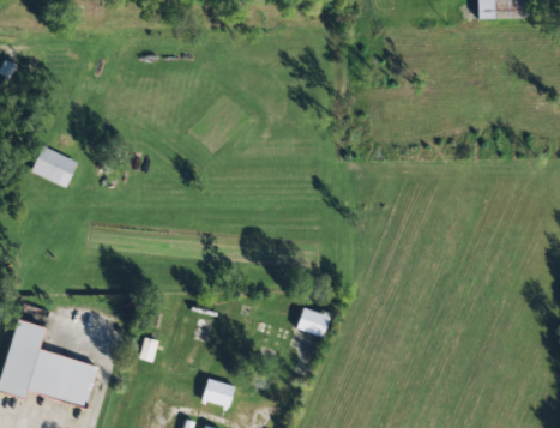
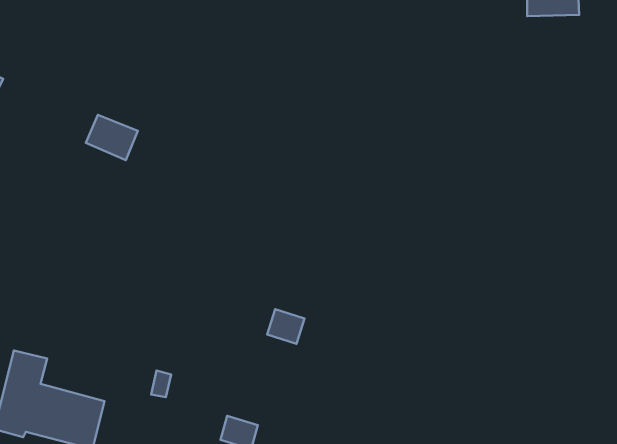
building: [31,146,78,187] -> [86,115,138,160]
building: [296,306,330,337] -> [267,309,305,344]

